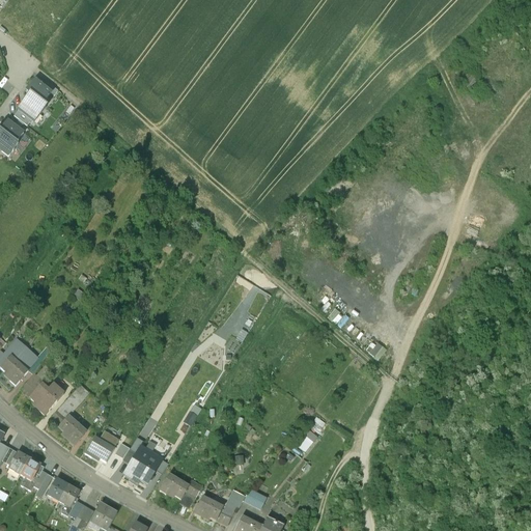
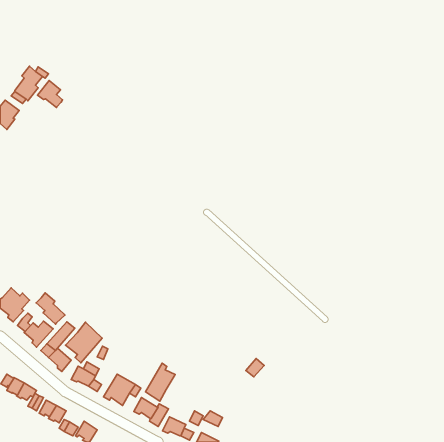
building: none -> [37,80,63,107]
building: none -> [36,293,65,324]
building: none -> [66,322,102,363]
building: none -> [146,363,175,401]

